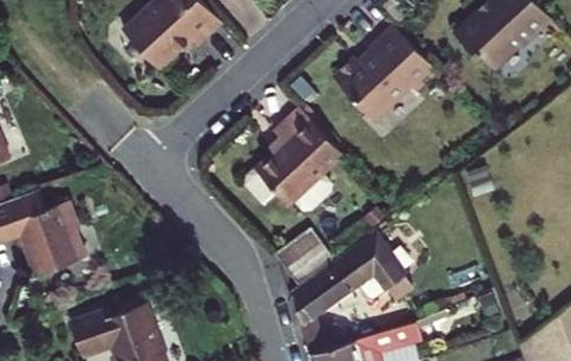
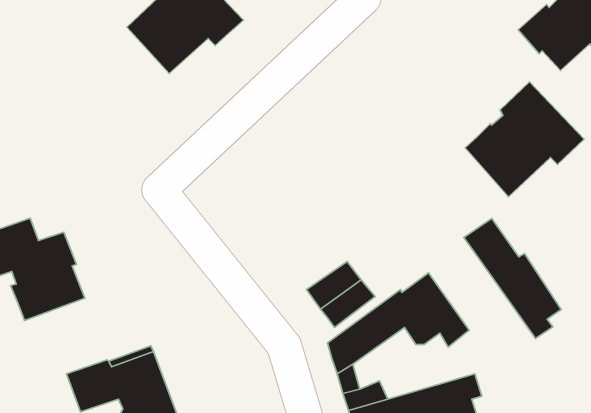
building: [337,23,439,120] -> [465,82,584,197]
building: [246,106,342,205] -> none
building: none -> [464,218,561,339]

